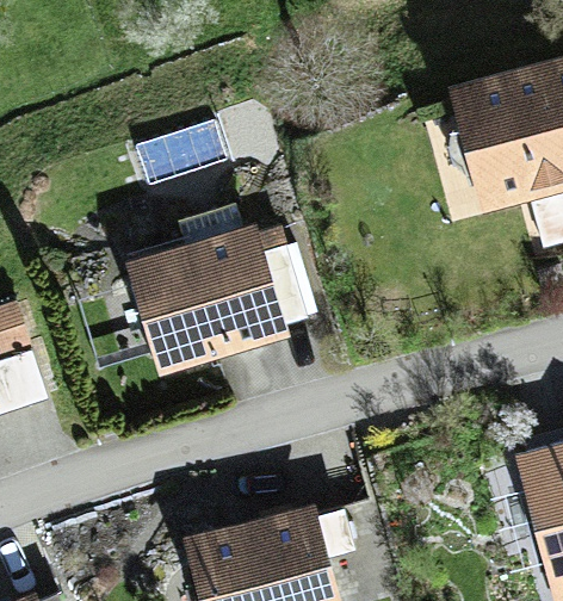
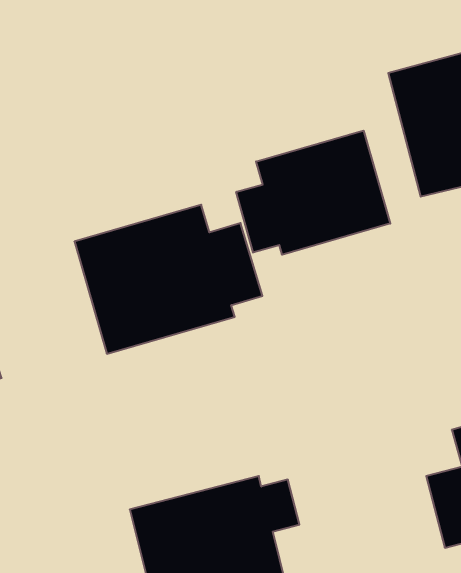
building: none -> [236,131,390,255]

